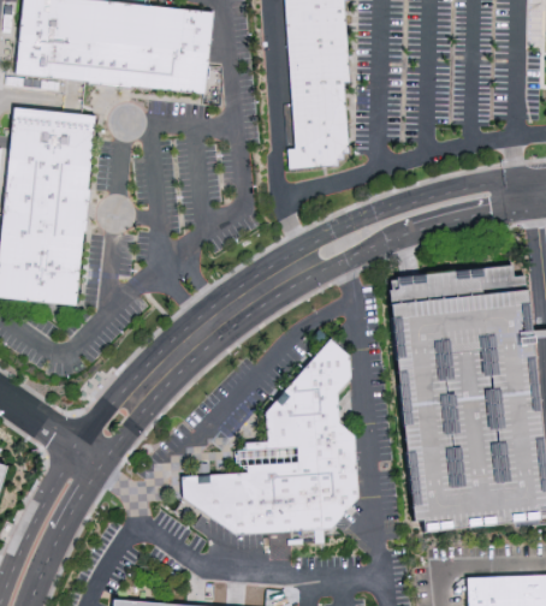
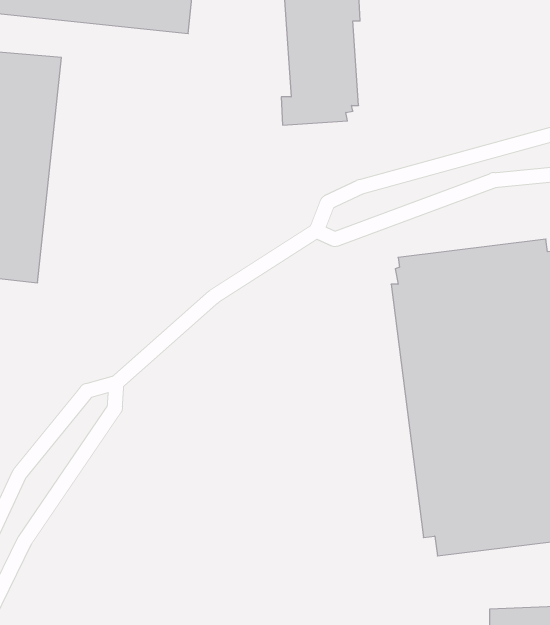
building: [183,337,360,533] -> none

